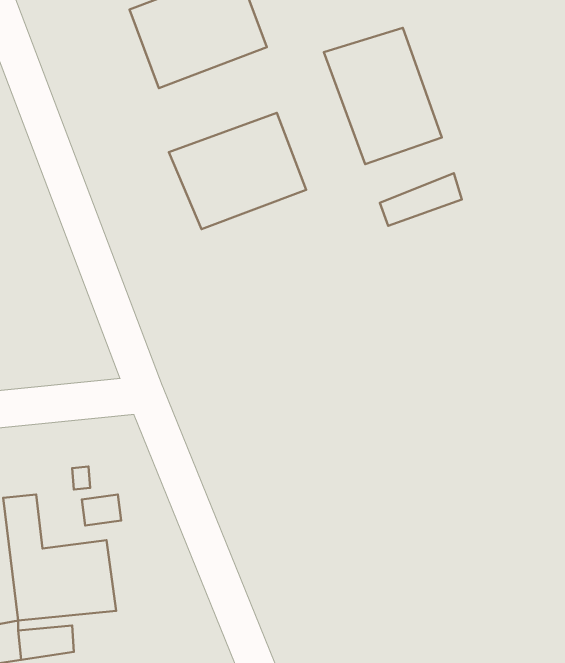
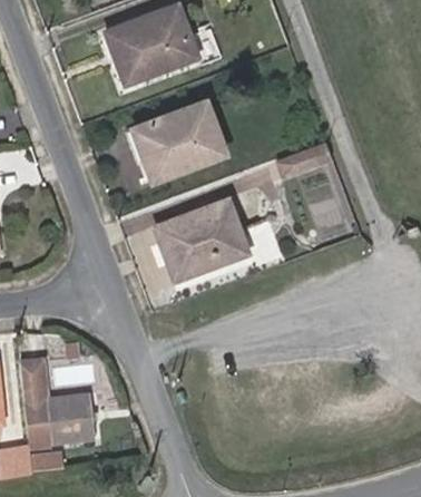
building: [324,28,442,164] -> none
building: none -> [155,199,247,281]

